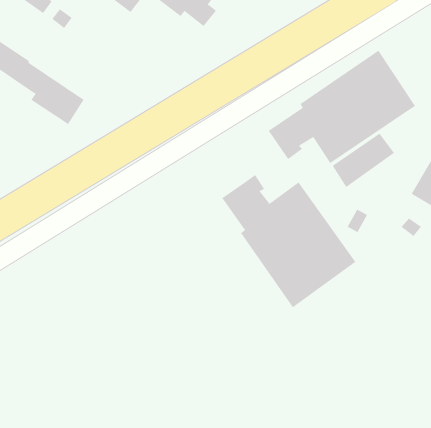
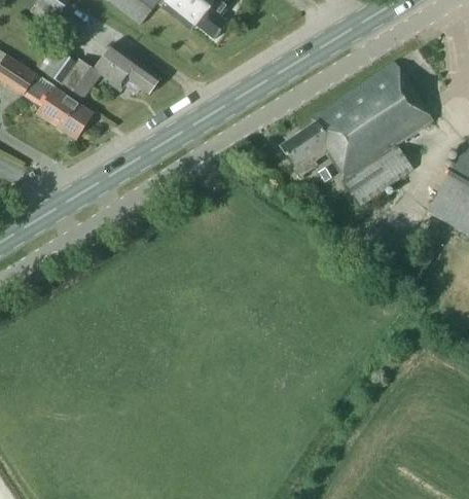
building: none -> [38,42,160,98]
building: [222,174,356,308] -> none

